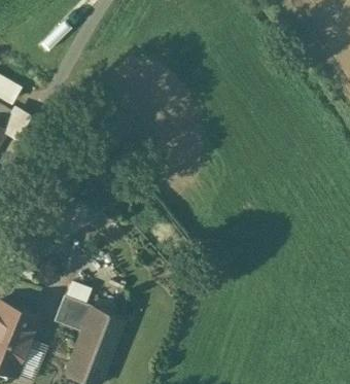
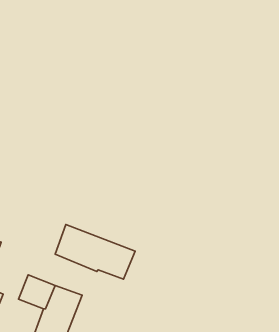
building: none -> [55,224,135,279]

